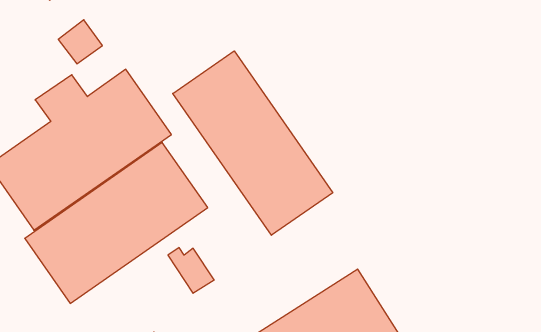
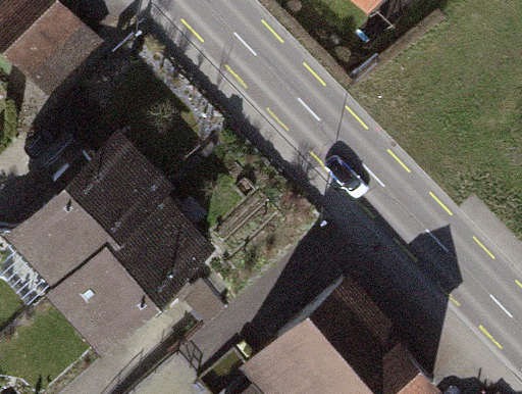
building: [173,51,333,235] -> none

